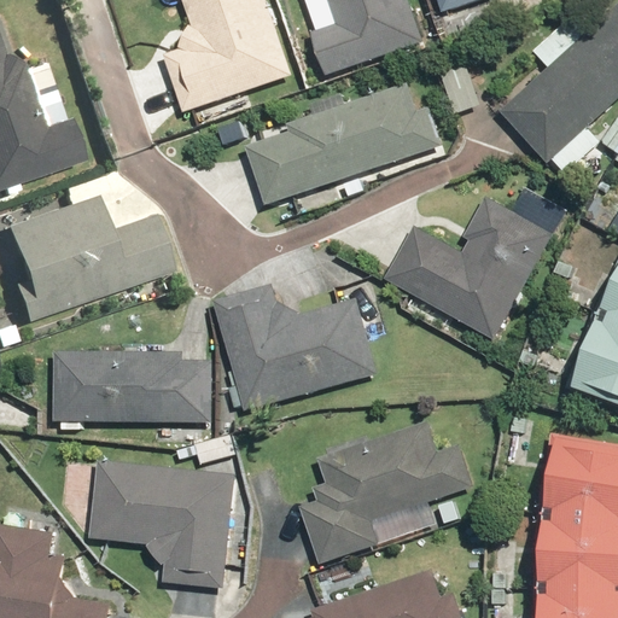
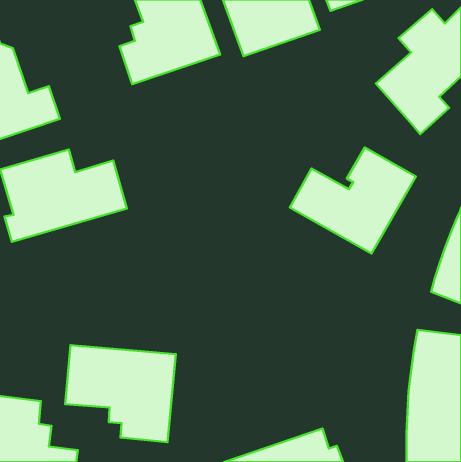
building: [244,82,443,206] -> none
building: [212,280,377,409] -> none
building: [53,350,212,428] -> none
building: [296,419,477,567] -> none

